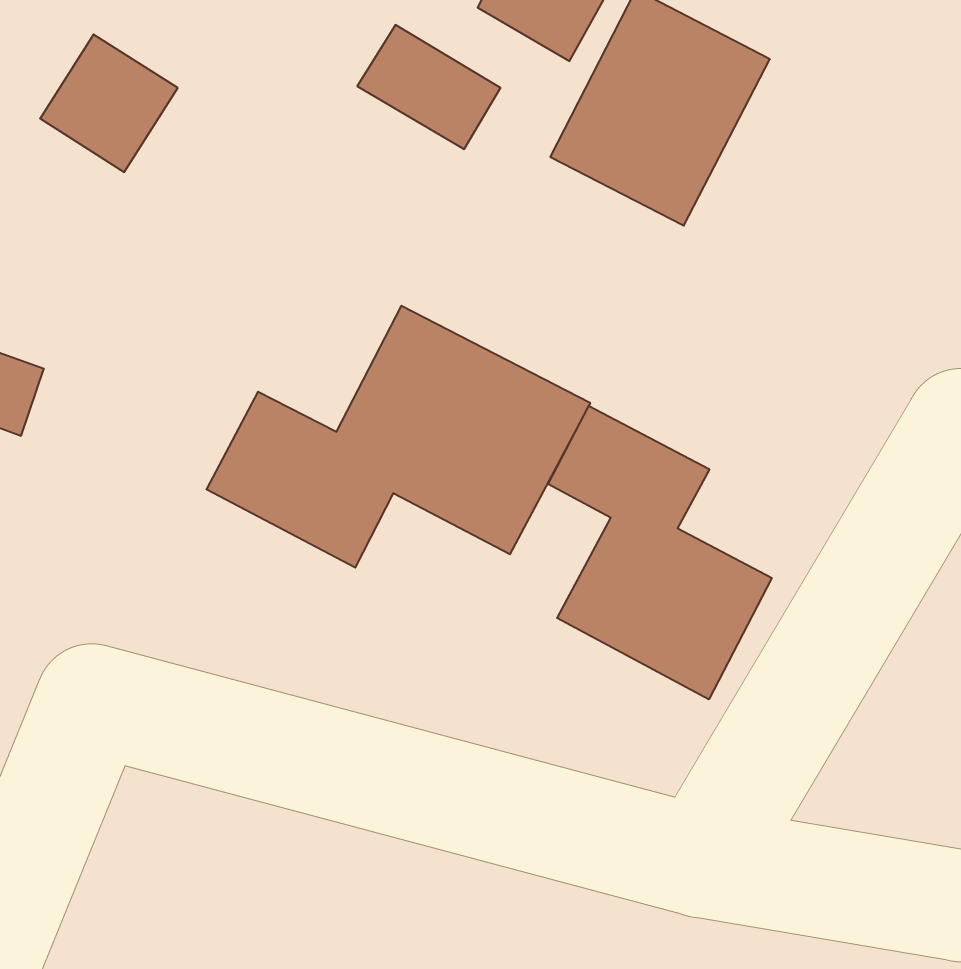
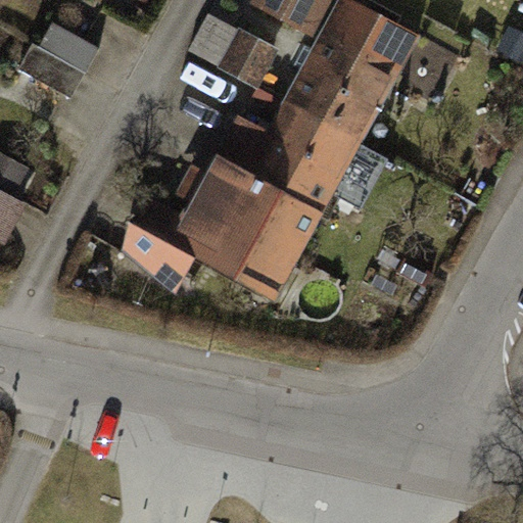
building: none -> [247,84,366,216]
building: [548,406,772,699] -> none

